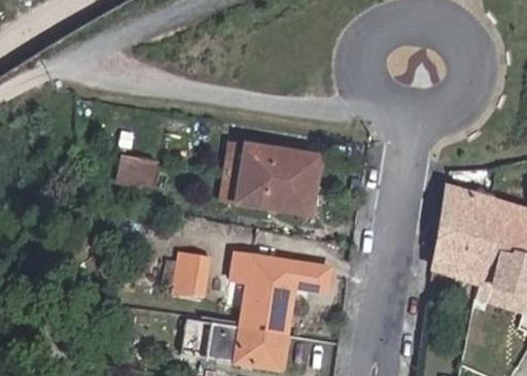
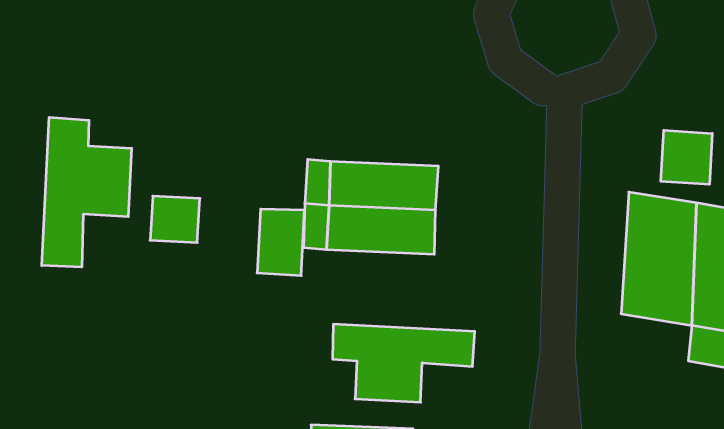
building: none -> [42,117,132,267]
building: none -> [661,130,712,184]
building: [173,252,210,301] -> [257,209,305,276]

